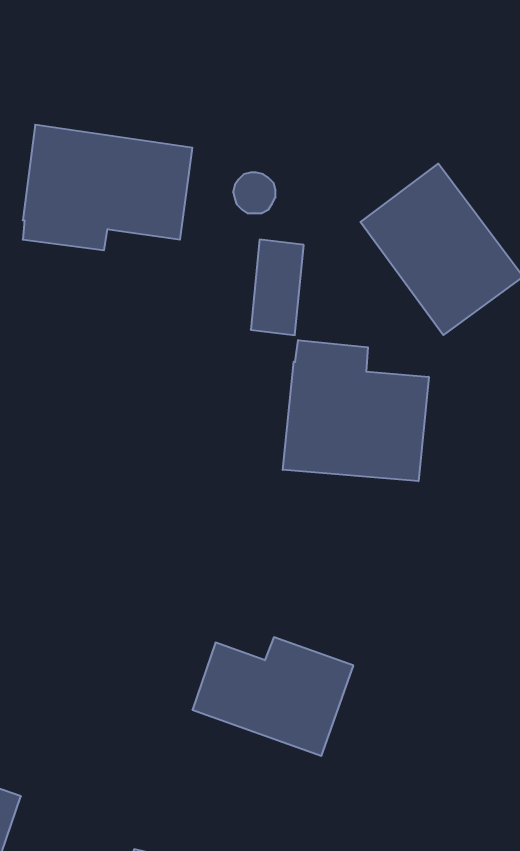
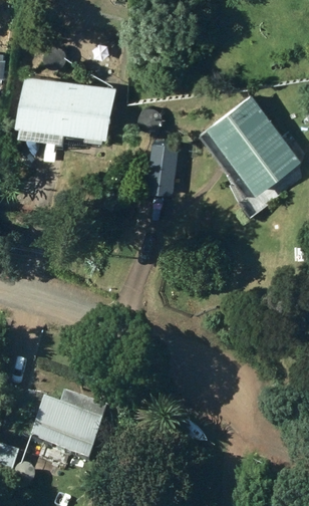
building: [283,340,429,481] -> none
building: [192,637,353,756] -> [13,400,104,467]

